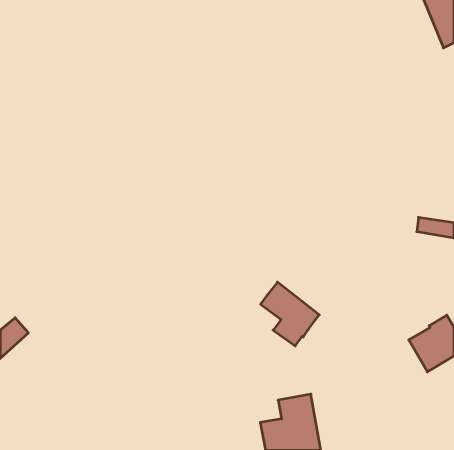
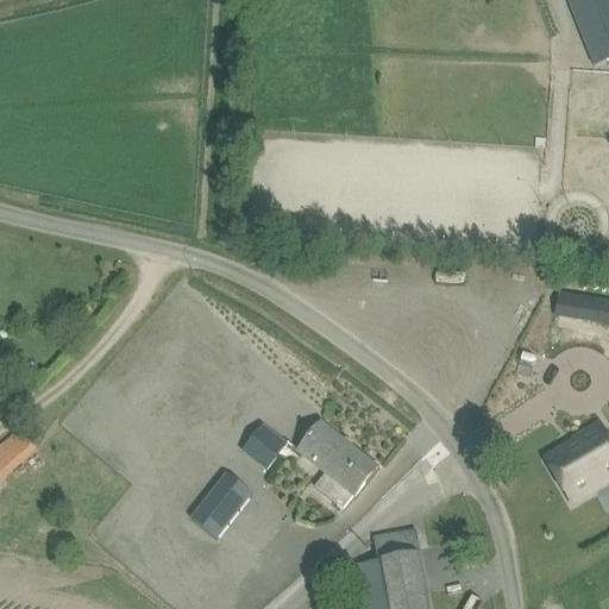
building: [261,282,319,346] -> [299,421,377,507]
building: none -> [244,425,288,470]
building: none -> [192,471,252,538]

